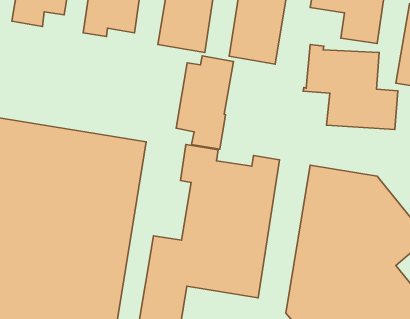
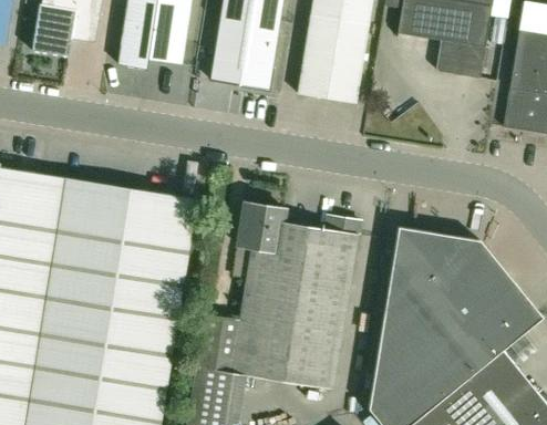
building: [303,45,398,130] -> none
building: [176,56,234,149] -> none

